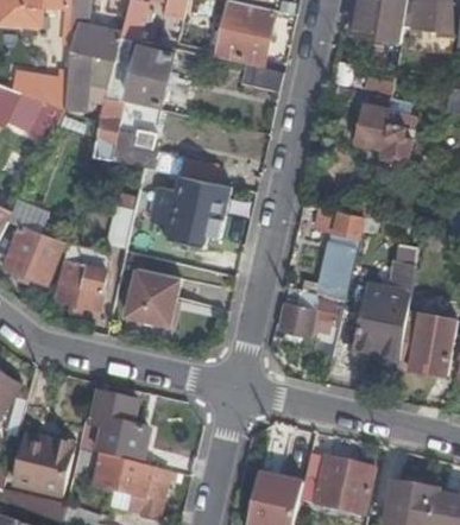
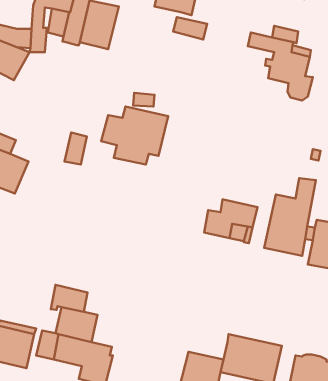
building: [94,95,189,175] -> none
building: [302,205,361,298] -> none
building: [57,249,109,308] -> none
building: [126,266,185,327] -> none

